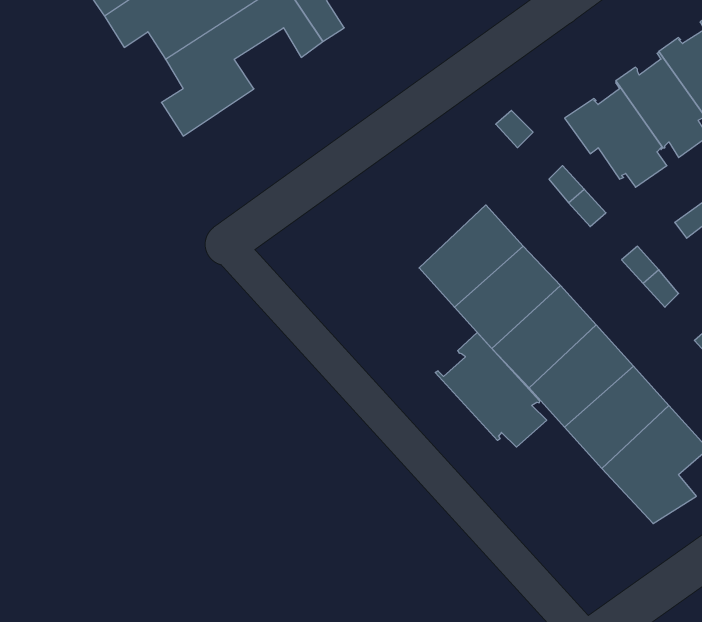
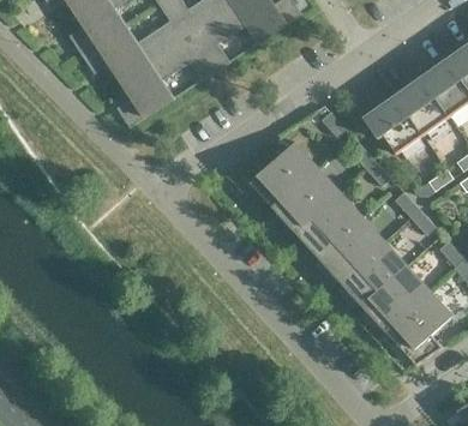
building: none -> [250,143,314,206]
building: [435,333,547,447] -> none

